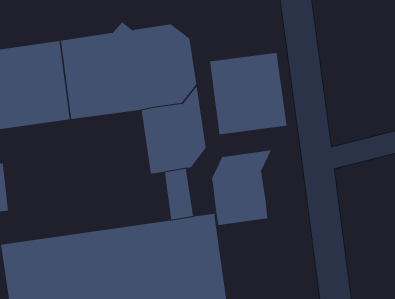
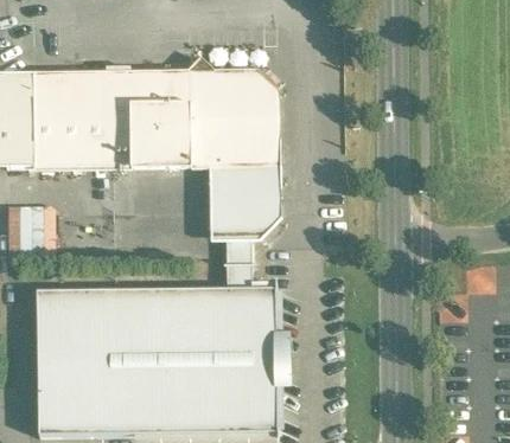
building: [209,52,287,135] -> none
building: [212,150,272,226] -> none

